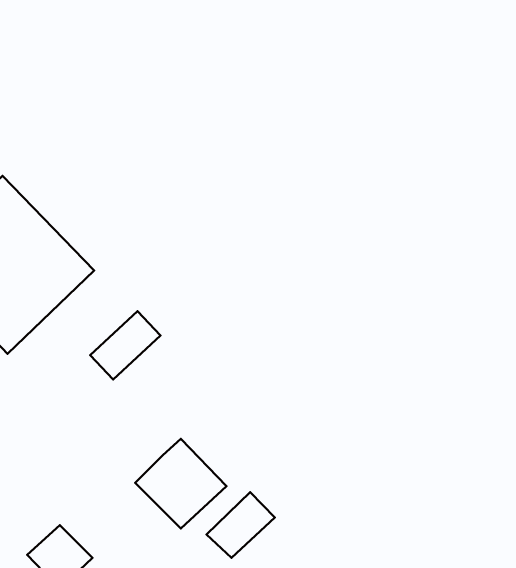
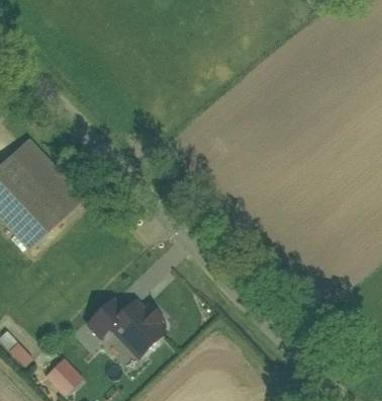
building: [90,311,160,380] -> [80,297,123,339]
building: [206,492,275,558] -> none

